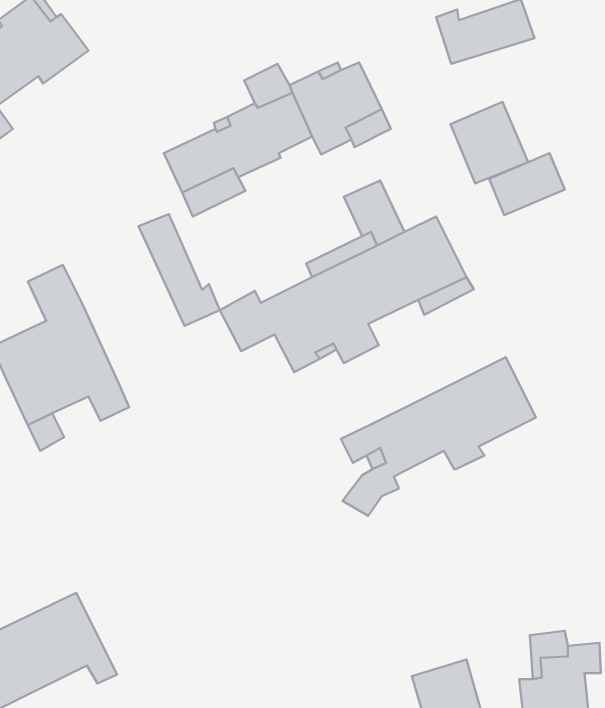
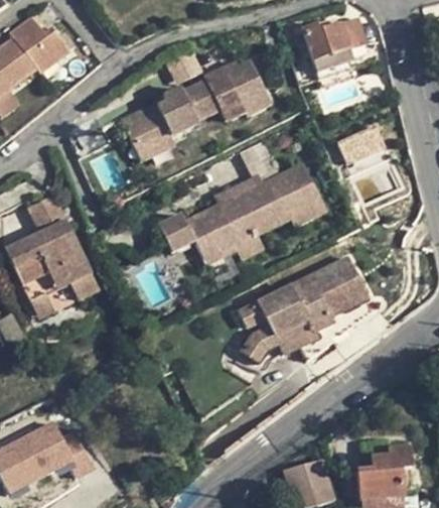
building: [450,102,528,184] -> none
building: [139,214,220,326] -> none
building: none -> [274,319,318,355]

